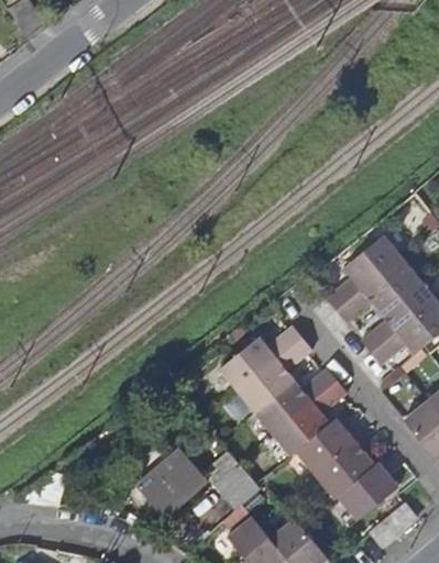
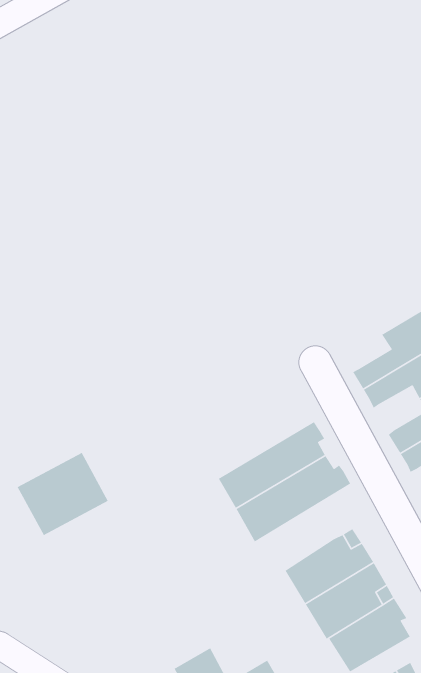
building: [222,323,305,389] -> none
building: [273,379,349,456] -> none
building: [128,454,198,521] -> [17,452,109,536]
building: [211,466,257,514] -> none

